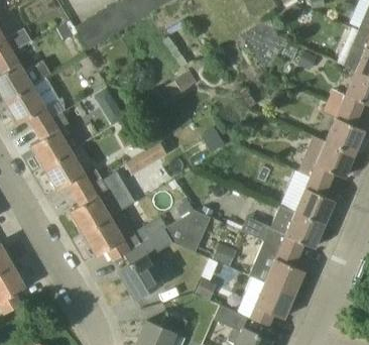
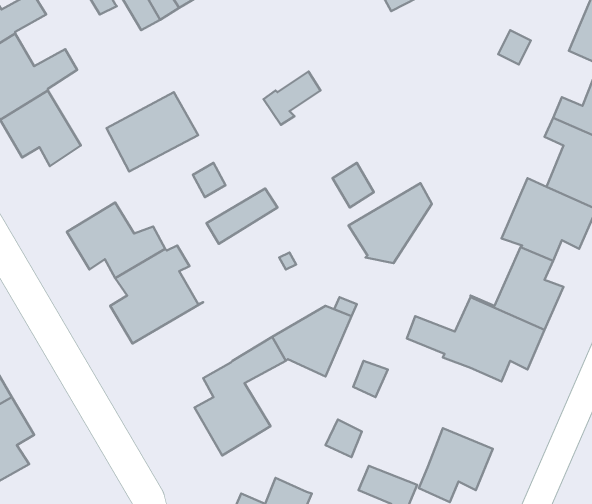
building: [30,111,83,167] -> none
building: none -> [348,183,432,263]
building: [83,209,141,260] -> none
building: [250,241,304,295] -> none

